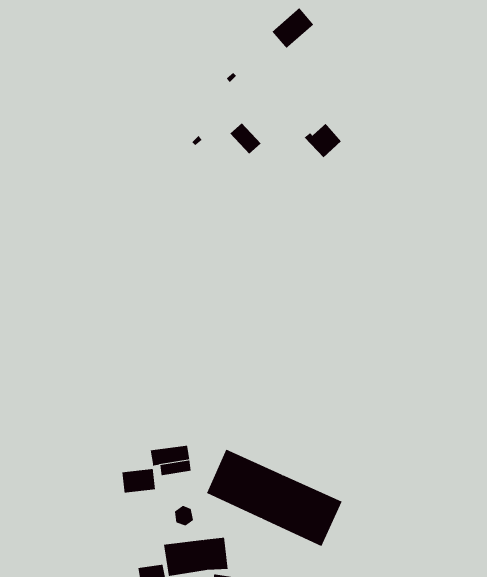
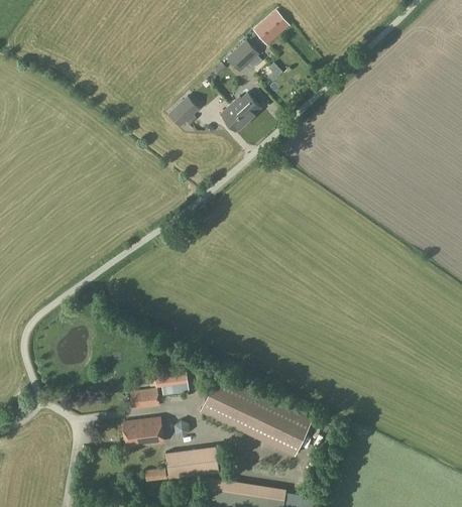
building: none -> [227,40,257,71]
building: none -> [168,97,198,126]
building: [304,123,342,158] -> [229,94,260,123]
building: none -> [122,418,163,448]

